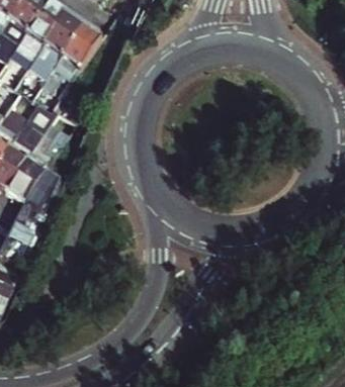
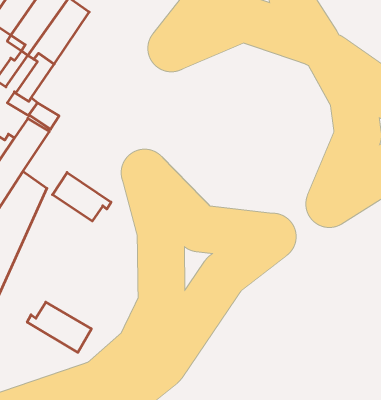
building: none -> [52,172,111,221]
building: none -> [27,302,91,352]

